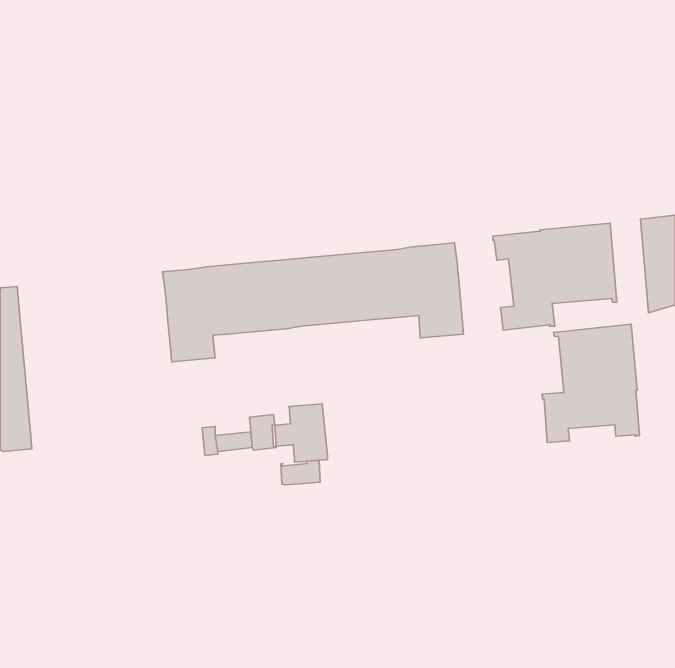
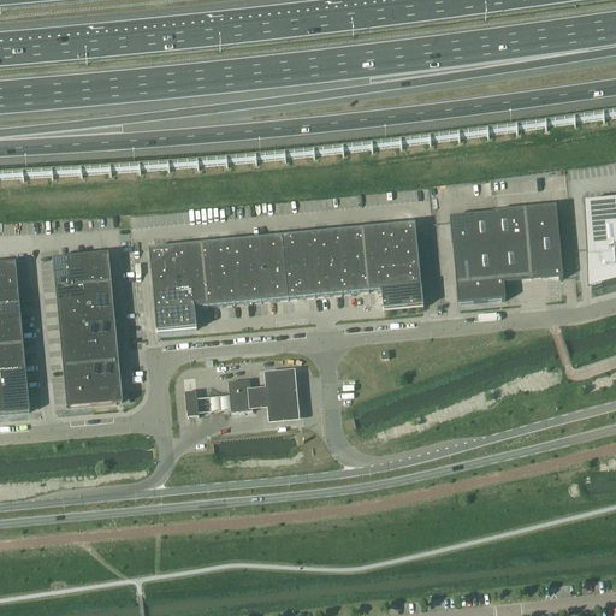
building: none -> [52,253,122,405]
building: [542,324,639,443] -> none
building: [281,460,320,485] -> none

